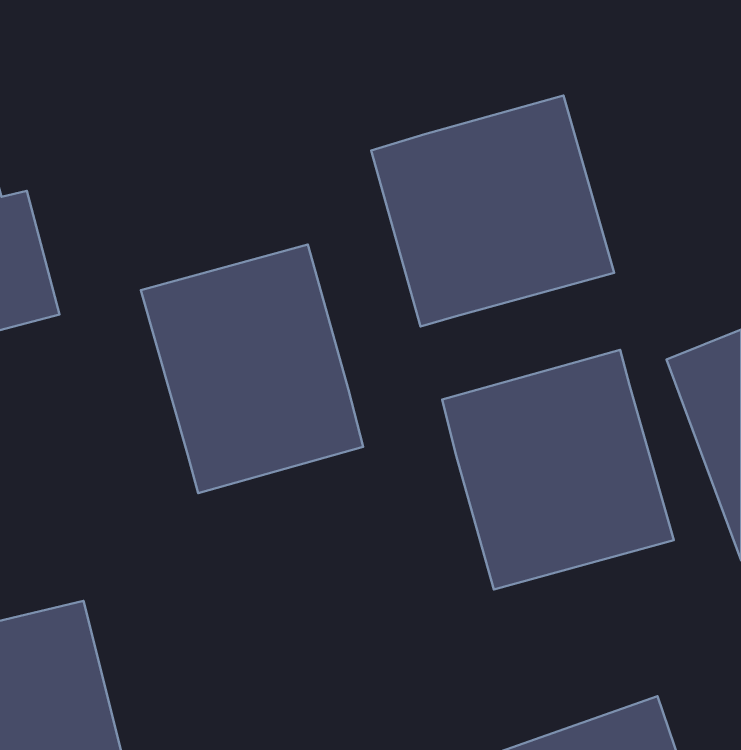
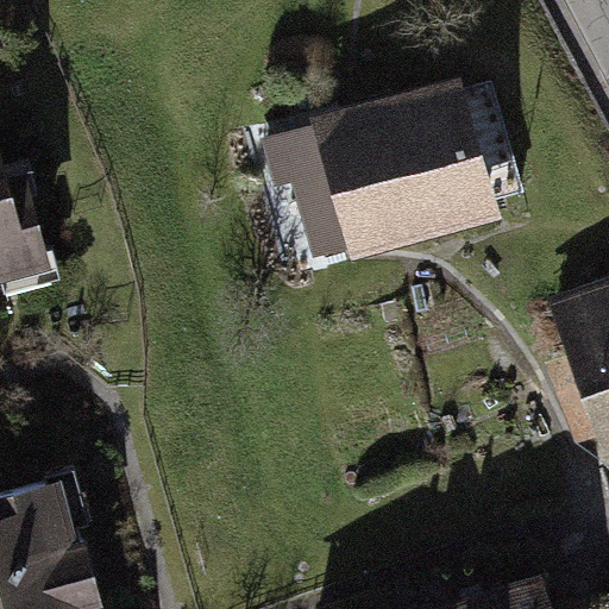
building: [141,245,363,493] -> none
building: [442,350,674,589] -> none

